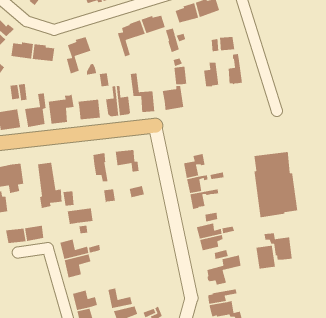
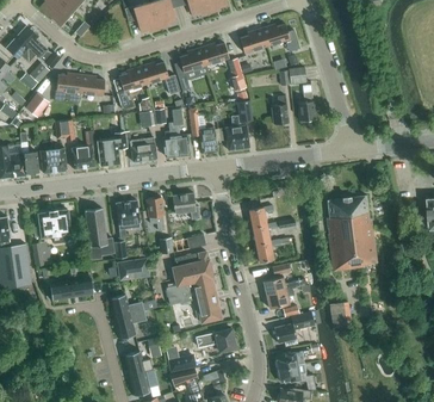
building: none -> [140,62,179,94]
building: none -> [116,200,141,237]
building: none -> [166,251,222,323]
building: [264,233,293,260] -> none
building: none -> [196,328,237,351]

